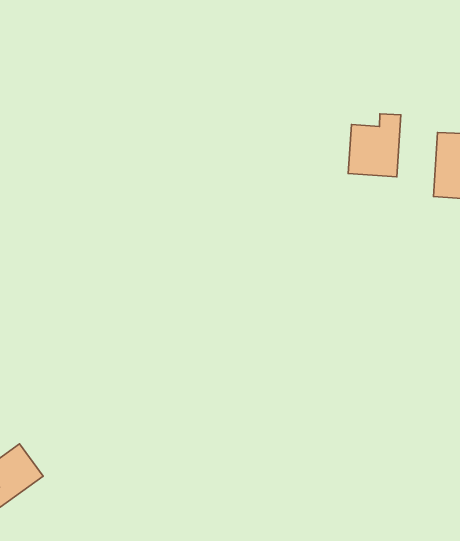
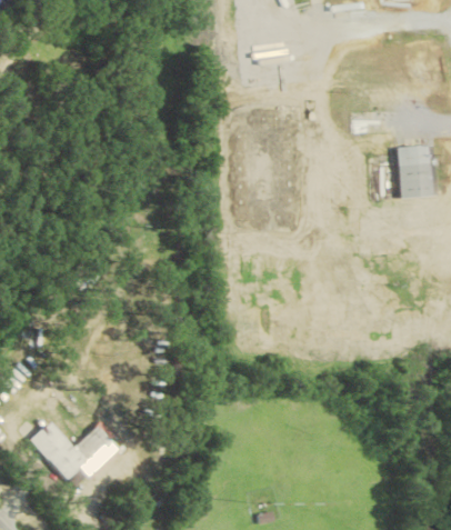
building: [348,114,401,177] -> none

